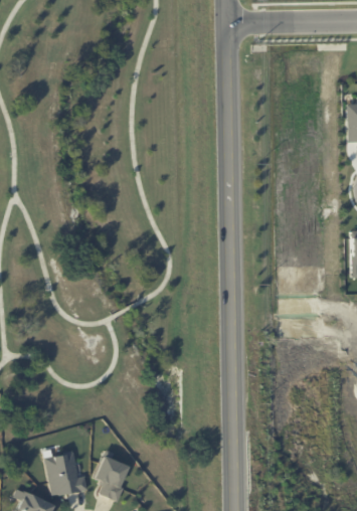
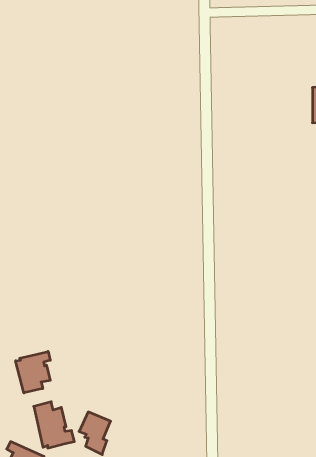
building: none -> [16,351,50,393]

